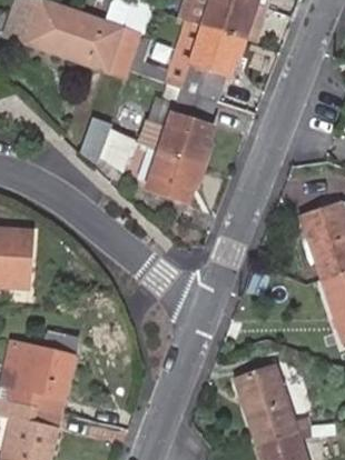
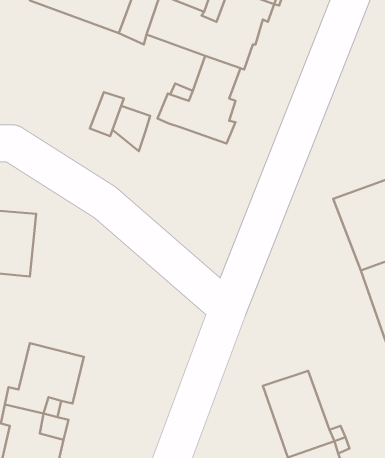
building: [140,150,203,203] -> none

